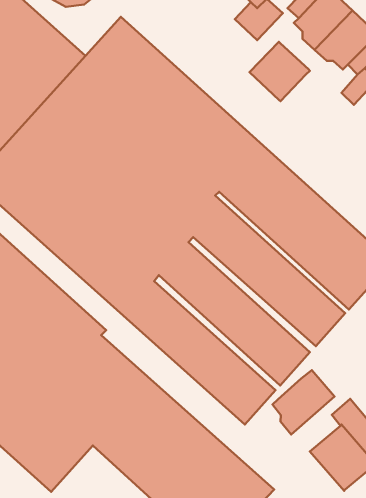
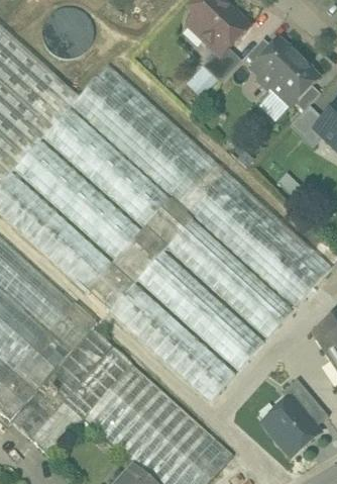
building: [250,42,310,101] -> none
building: [272,370,335,435] -> none

